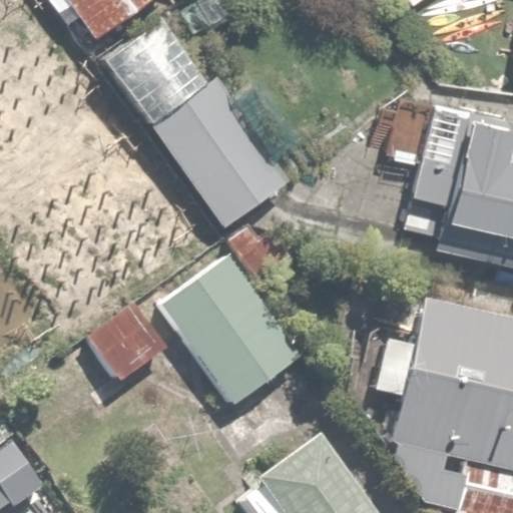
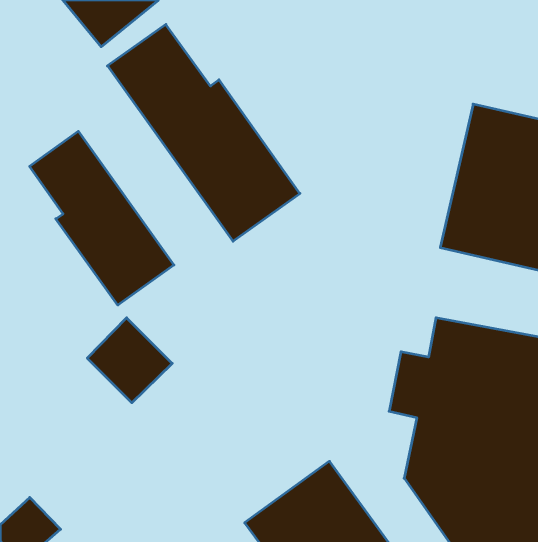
building: none -> [30,131,174,305]
building: [160,256,291,398] -> none

